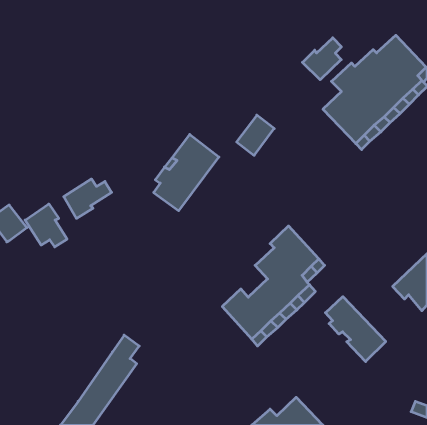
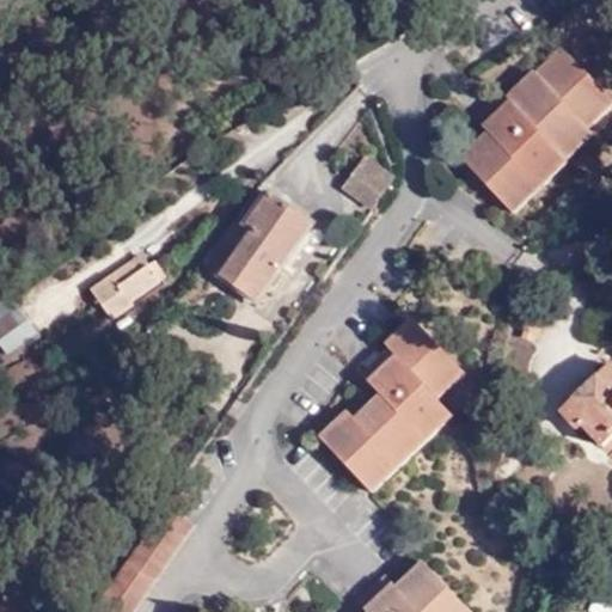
building: [302,38,341,80] -> none
building: [25,204,67,247] -> none
building: [325,297,386,362] -> none

